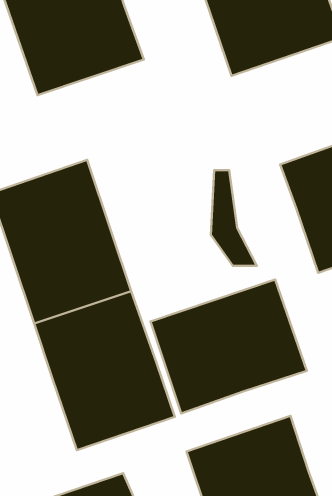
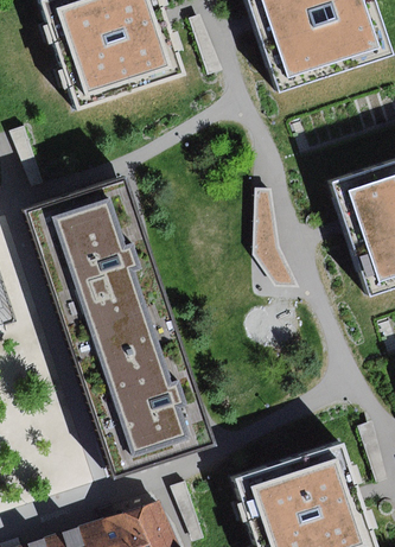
building: [151,280,307,413] -> none

